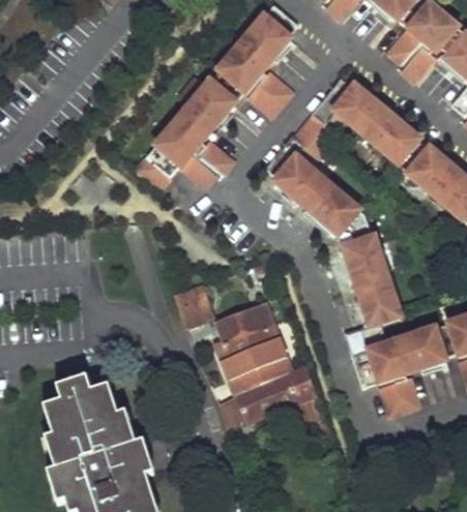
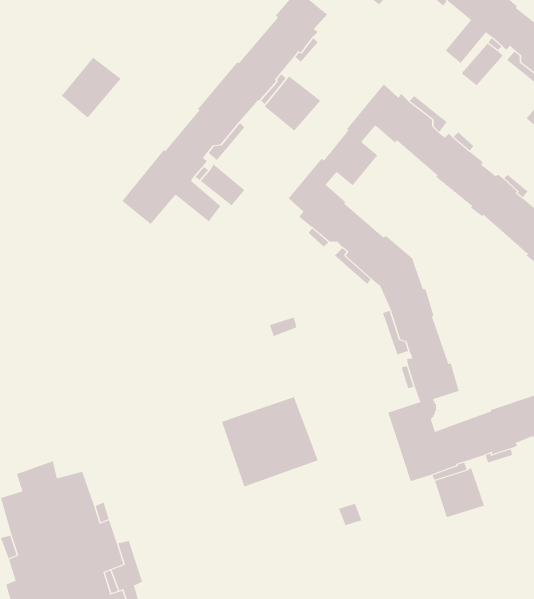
building: none -> [61,57,121,118]
building: [177,281,213,323] -> none
building: [216,300,272,337] -> none
building: [233,365,317,422] -> none

